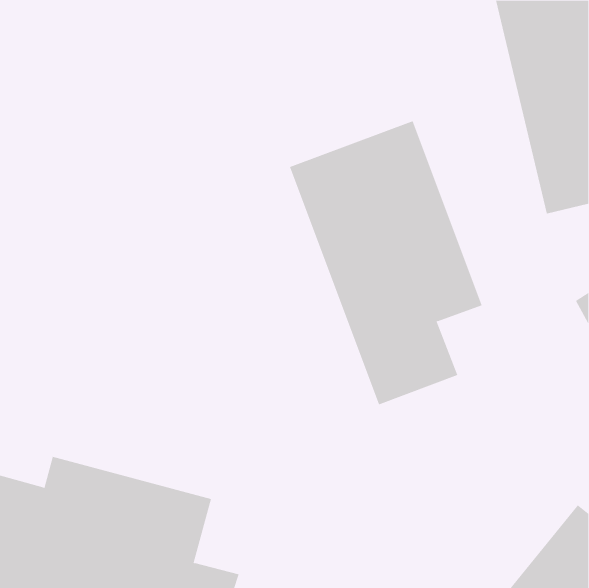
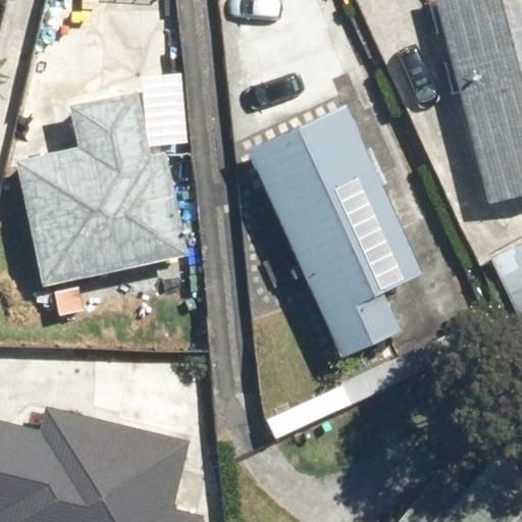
building: none -> [31,92,179,278]

